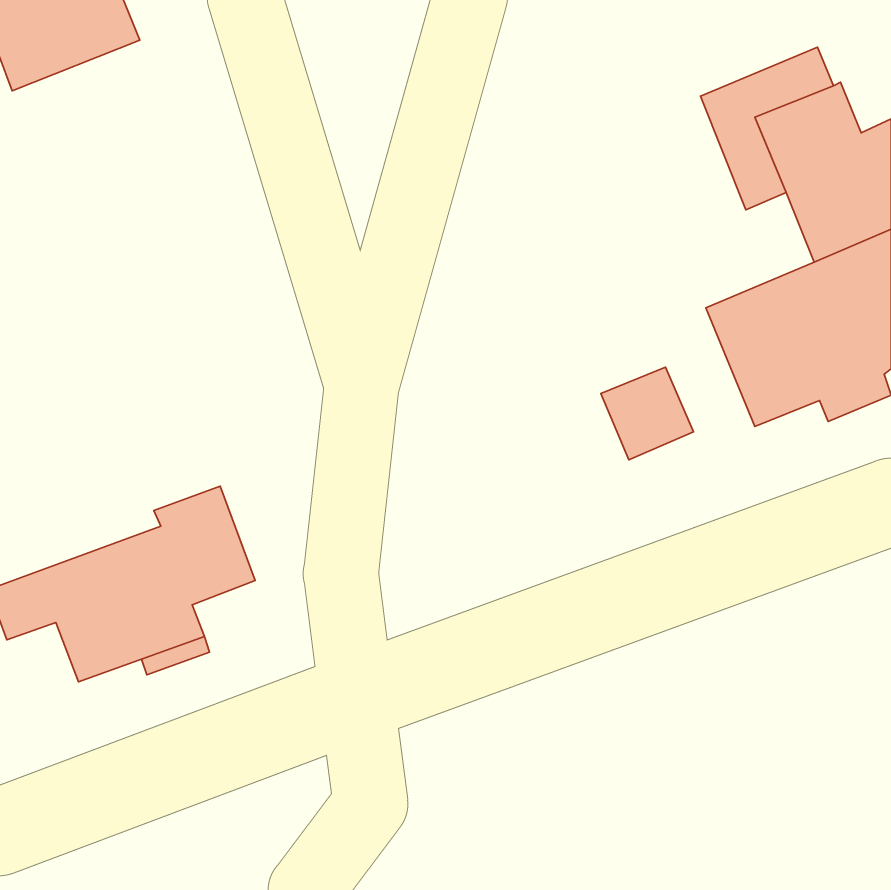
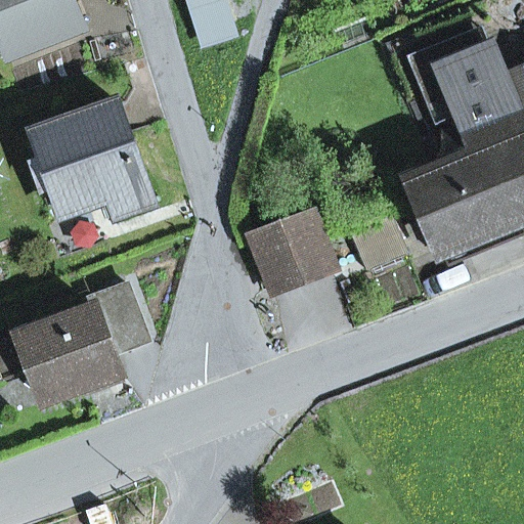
building: none -> [36,102,152,215]
building: none -> [253,212,335,292]

